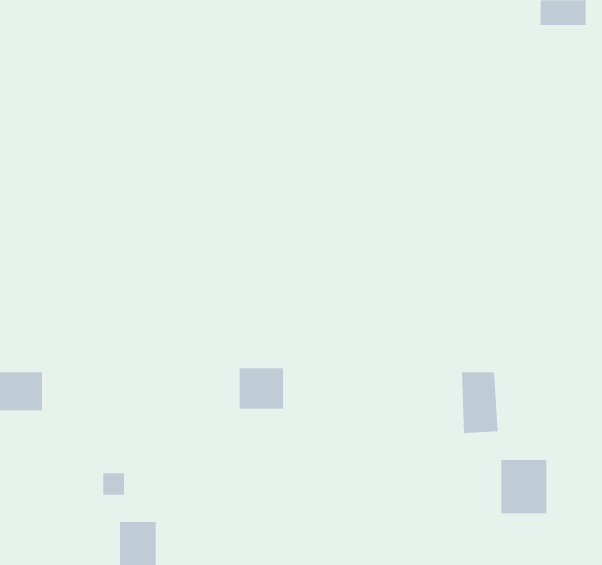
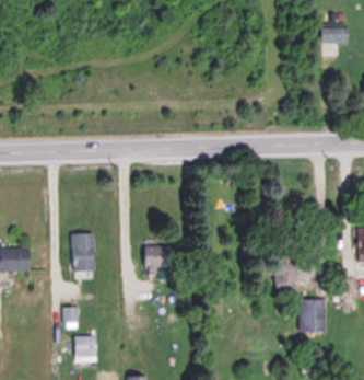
building: none -> [71,233,94,272]

